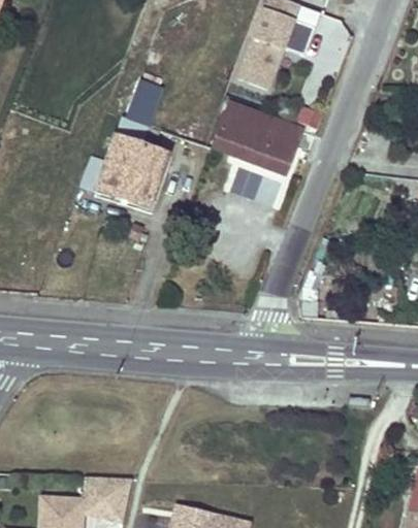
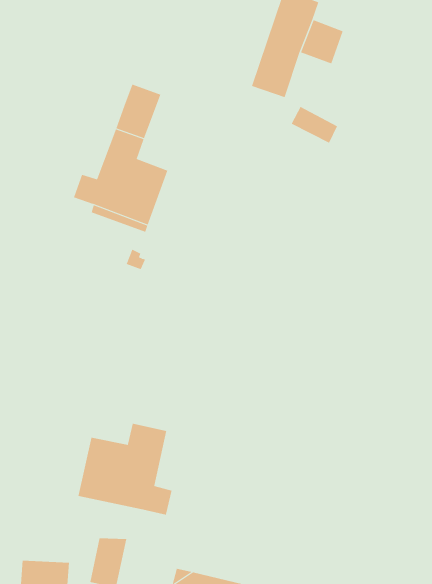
building: [214,102,302,175] -> none
building: none -> [78,423,172,516]

